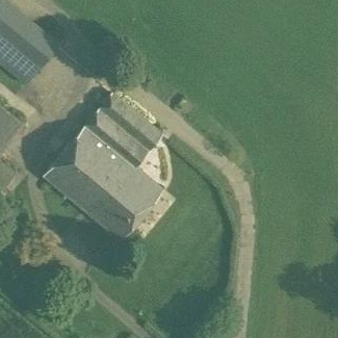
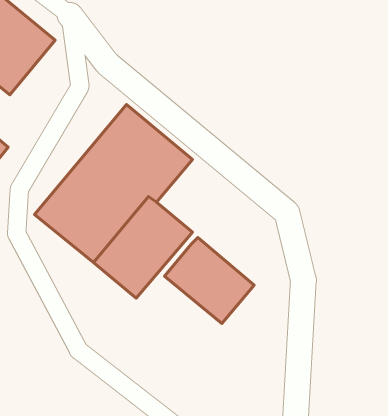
building: none -> [164,238,254,323]

